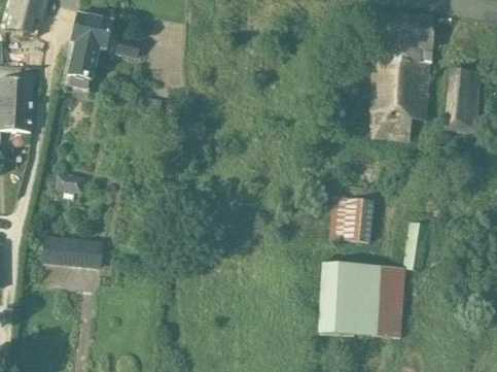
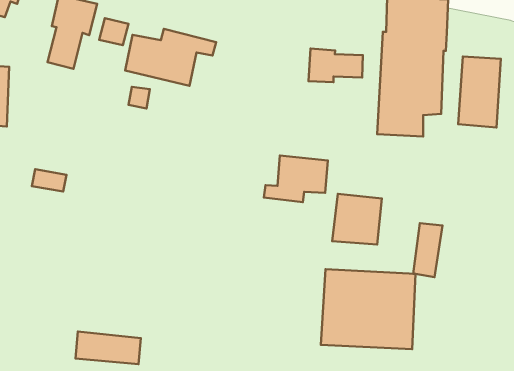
building: none -> [125,29,216,86]
building: none -> [309,48,363,82]
building: none -> [264,156,328,202]
building: [43,236,103,266] -> [76,332,141,364]

